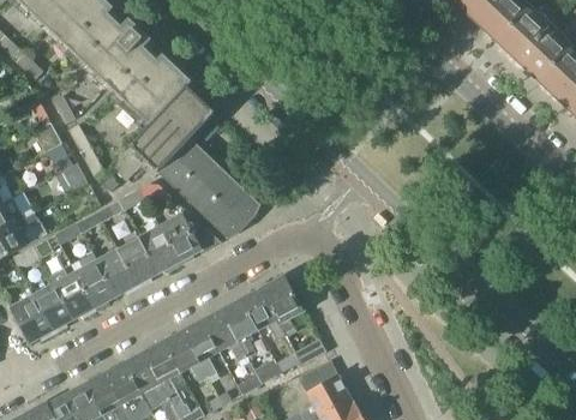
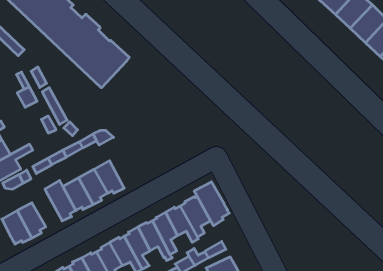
building: [112,86,275,239] -> none
building: [162,211,220,264] -> none
building: none -> [194,182,229,226]
building: [50,269,96,318] -> none

